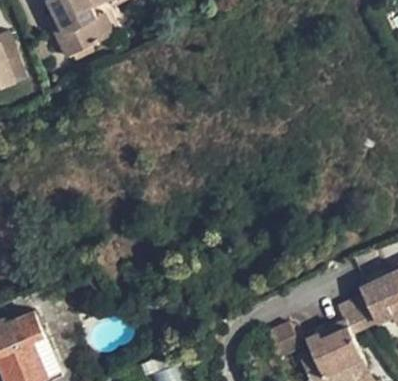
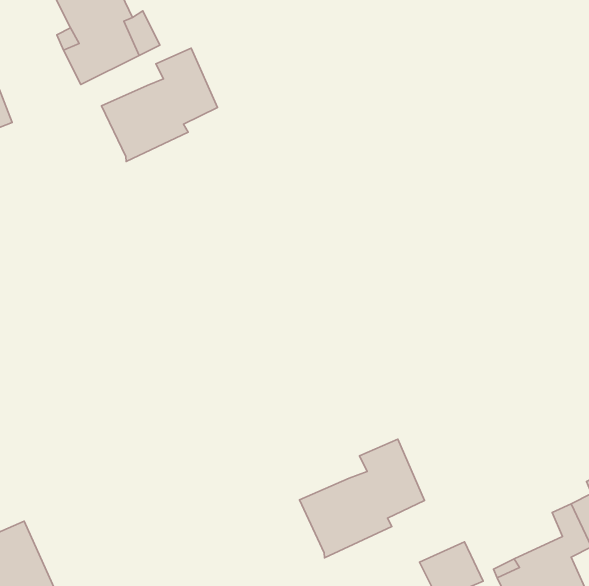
building: none -> [101,48,217,161]
building: none -> [299,439,424,558]

